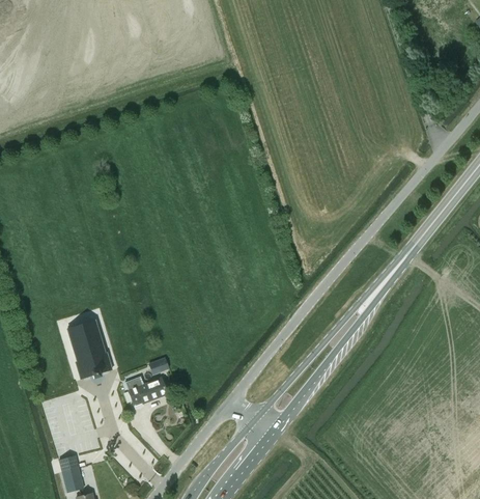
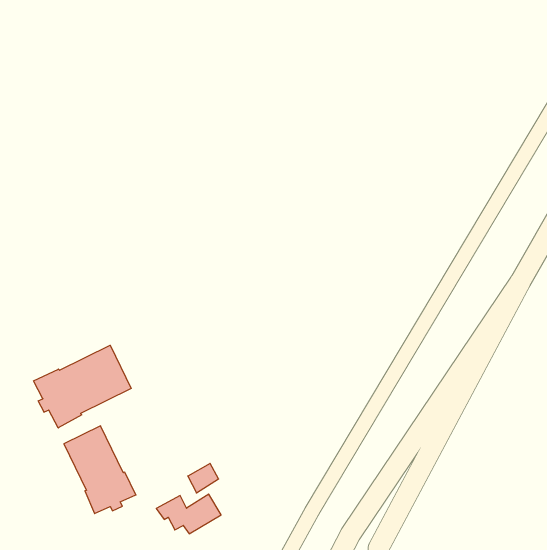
building: none -> [34,345,131,428]

